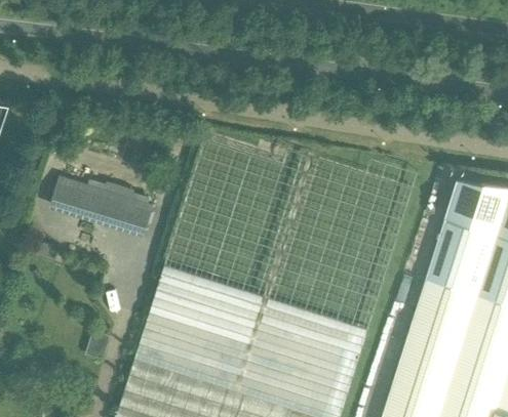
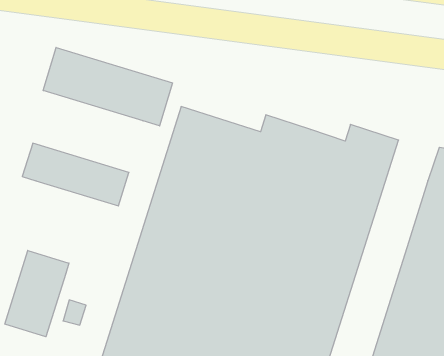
building: none -> [43,47,172,126]
building: none -> [5,250,69,337]

